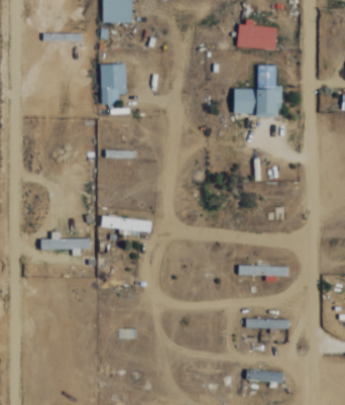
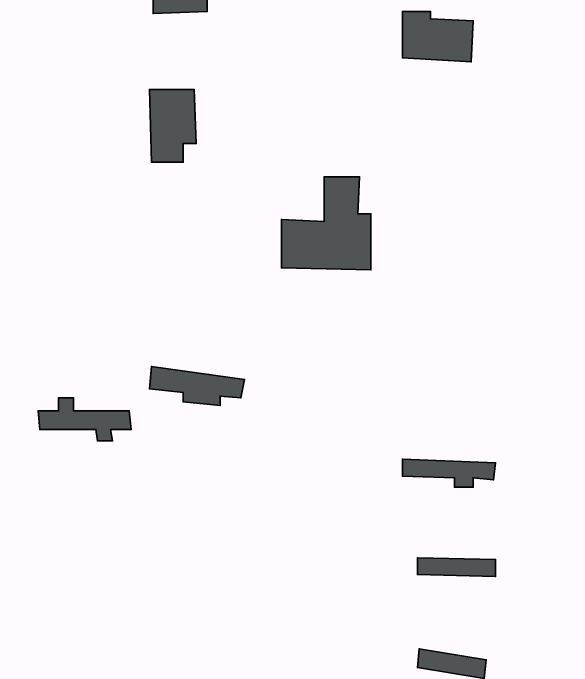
building: [234,65,282,115] -> [282,177,371,270]

